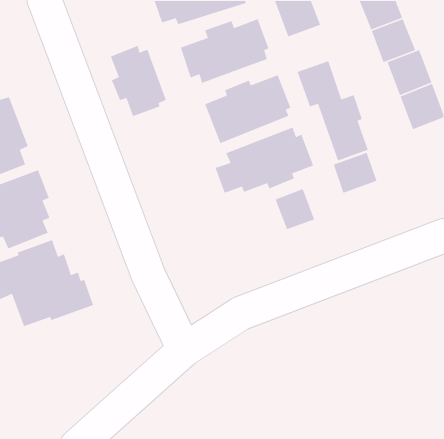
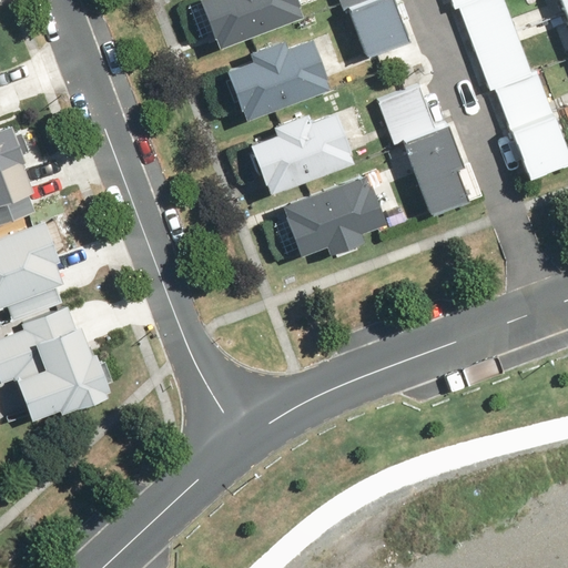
building: [110,45,167,117] -> none
building: [333,152,378,194] -> none
building: [275,188,315,230] -> none

